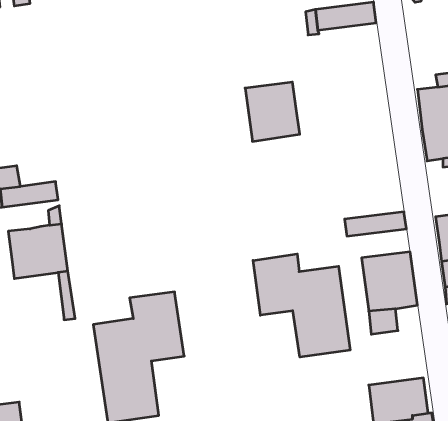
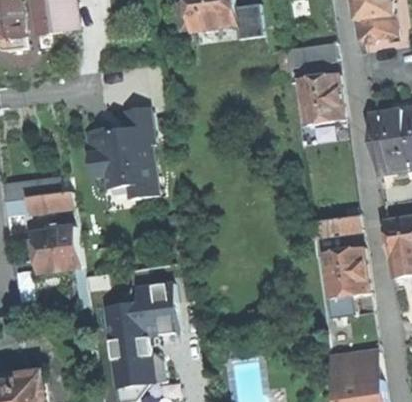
building: none -> [85,106,157,197]
building: [245,82,300,141] -> [299,74,344,123]
building: [253,254,350,357] -> none

